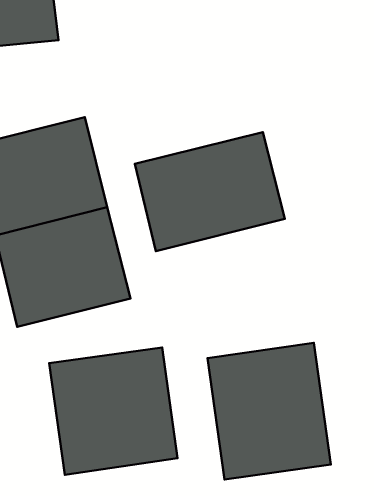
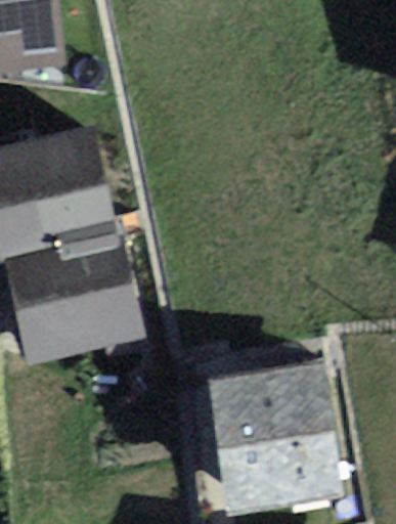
building: [135,132,285,251] -> none
building: [49,348,178,475] -> none

